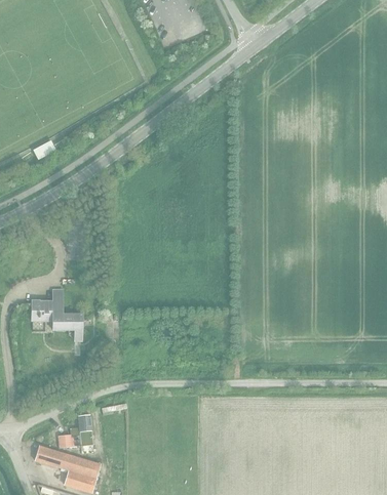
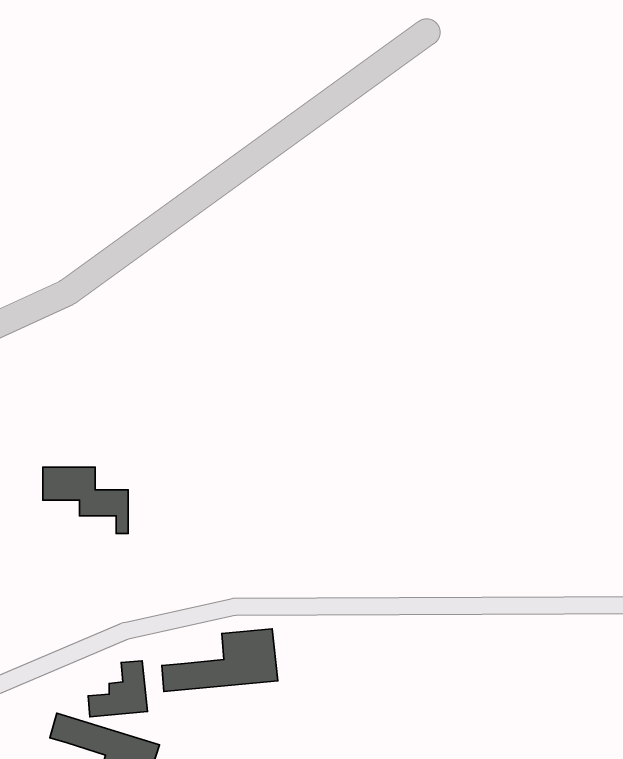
building: none -> [162,629,278,691]

